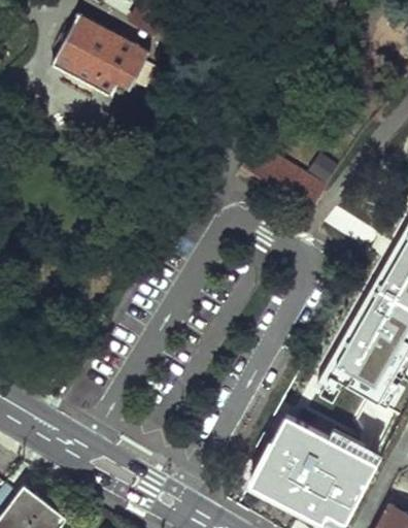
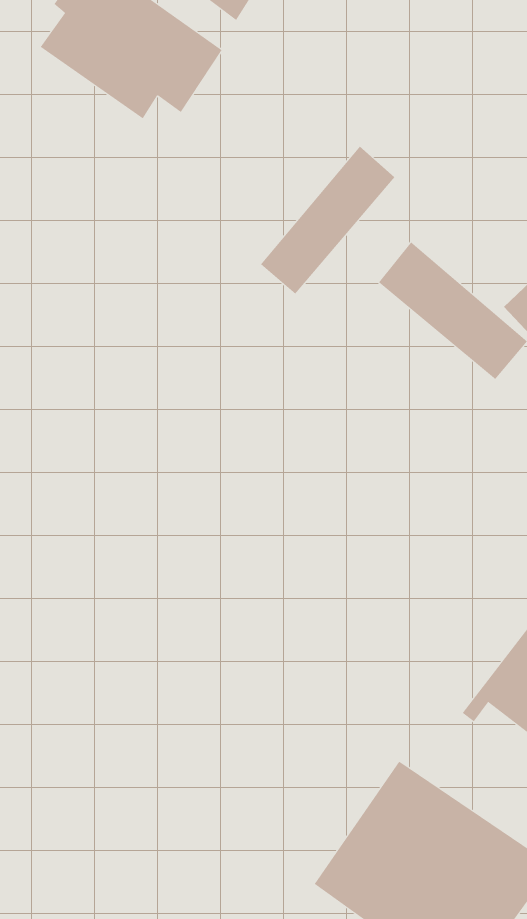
building: none -> [260,146,395,294]

